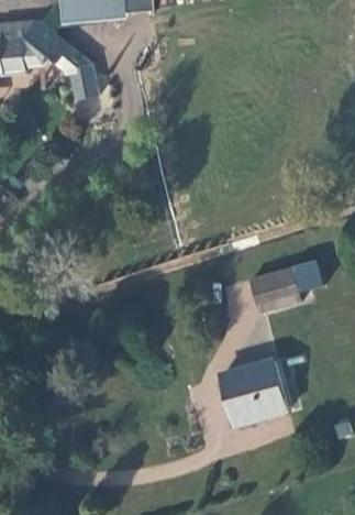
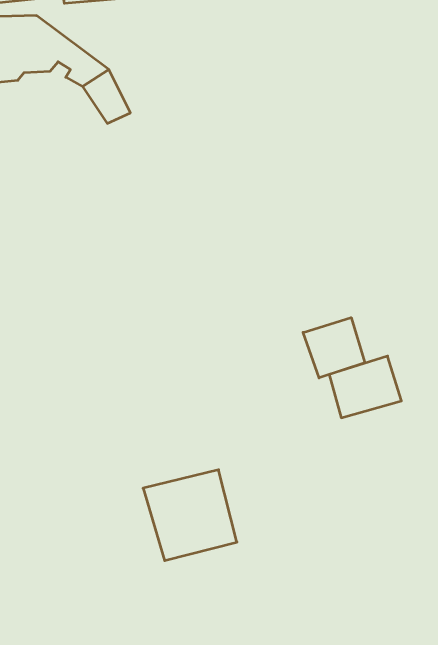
building: none -> [303,318,365,378]
building: [219,359,286,424] -> [143,470,237,561]

